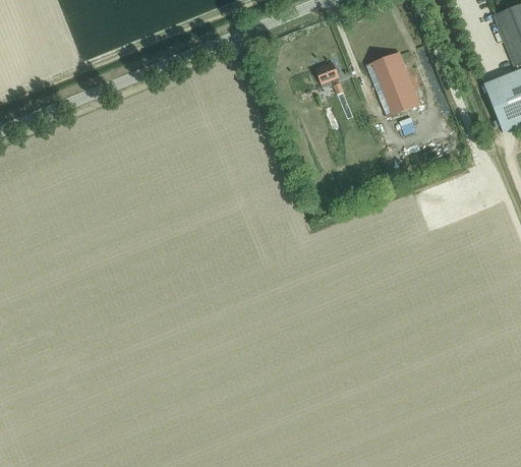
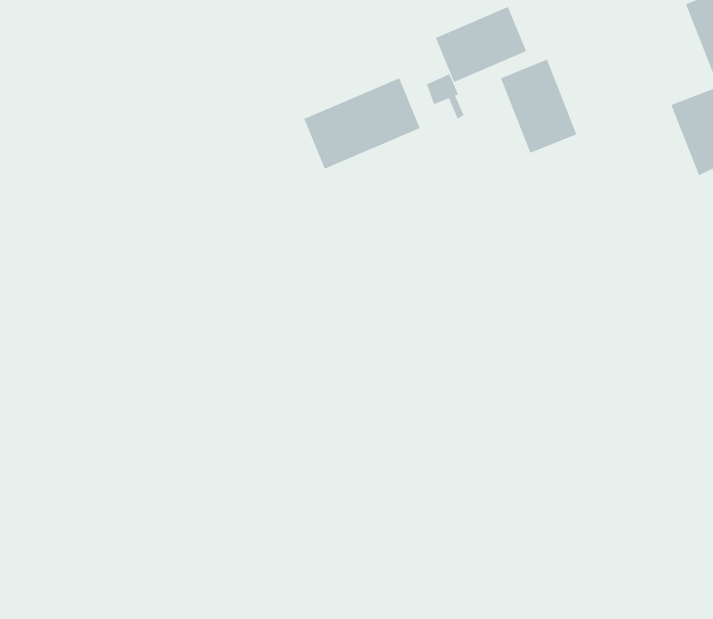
building: none -> [435,6,527,83]
building: none -> [304,77,420,169]

